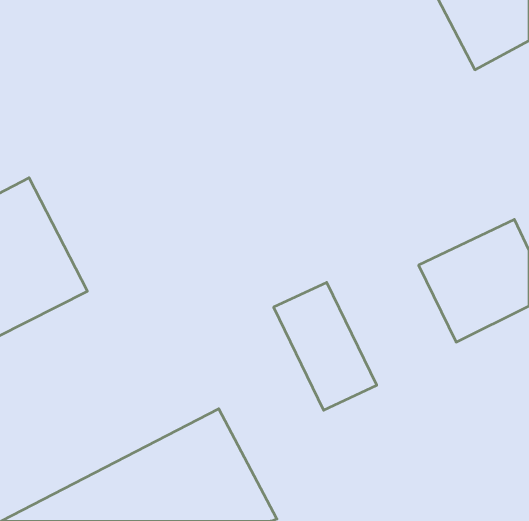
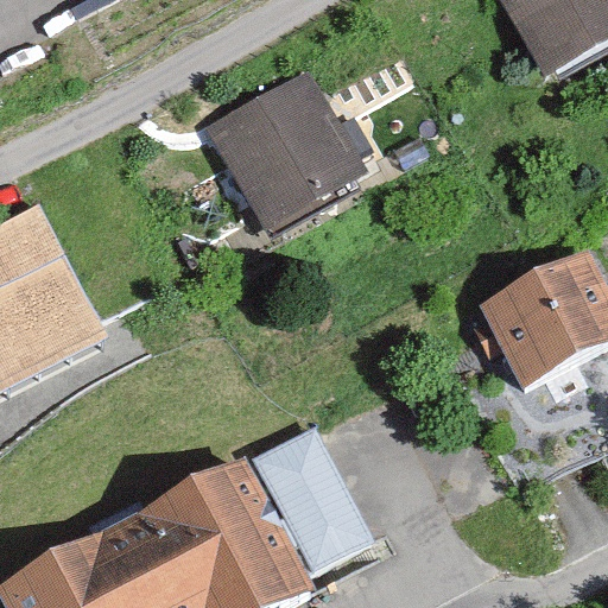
building: none -> [211,75,367,233]
building: [274,282,377,410] -> [252,423,369,569]

